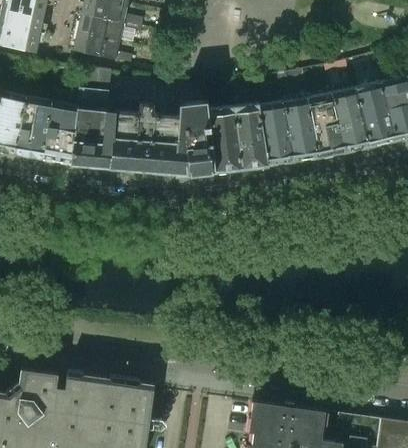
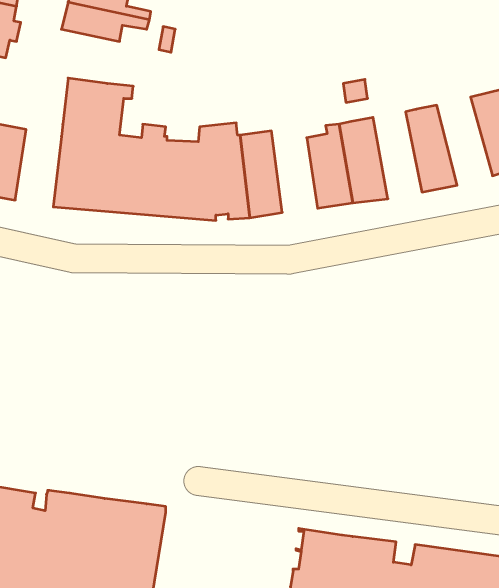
building: [73,32,132,63] -> none
building: [354,82,395,147] -> none
building: [307,93,343,157] -> none
building: [43,99,78,163] -> none
building: [232,104,266,167] -> none

